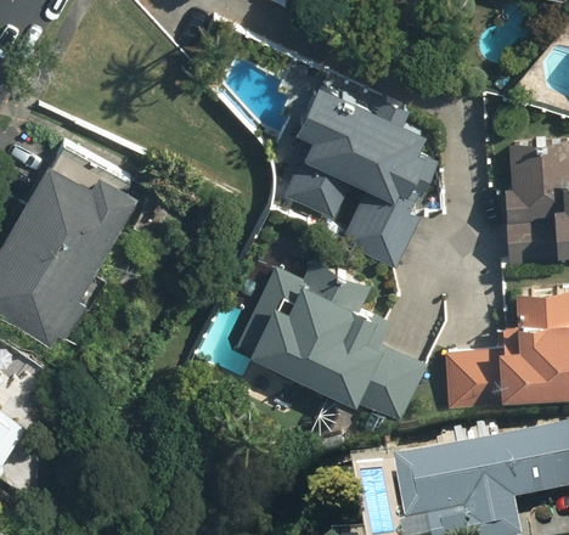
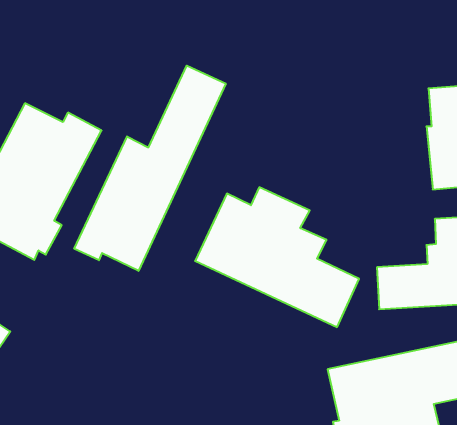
building: [283,83,449,269] -> none
building: none -> [74,66,226,271]

